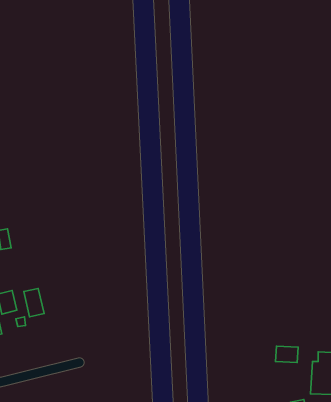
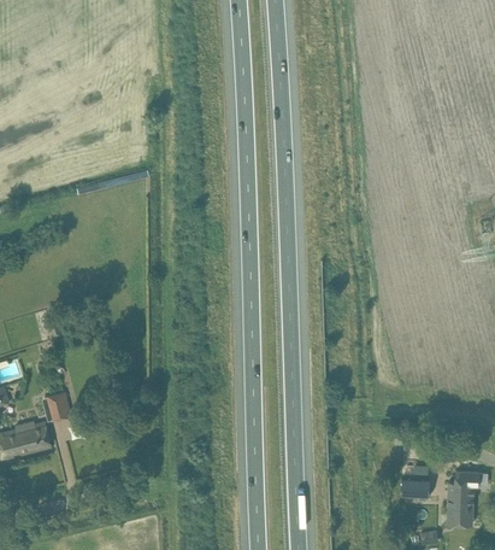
building: [24,288,44,317] -> none

